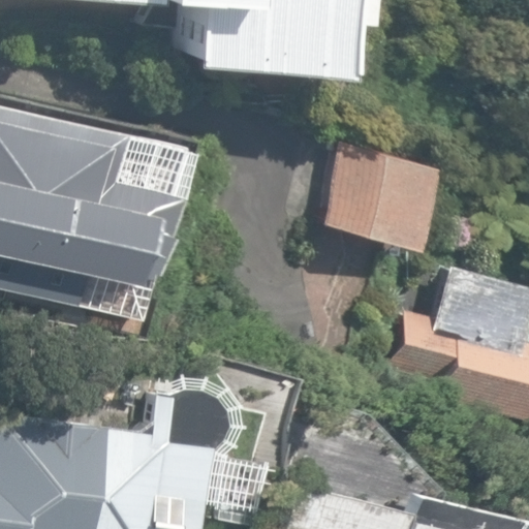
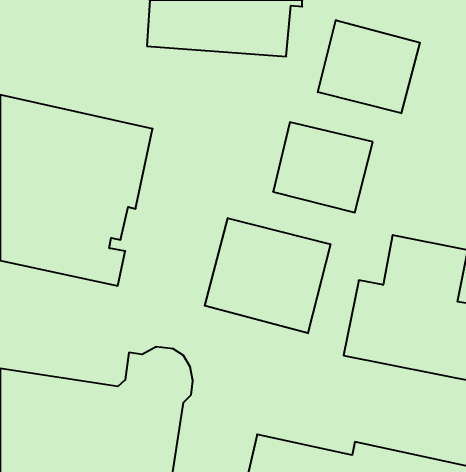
building: none -> [318,20,420,113]
building: none -> [205,218,330,333]

